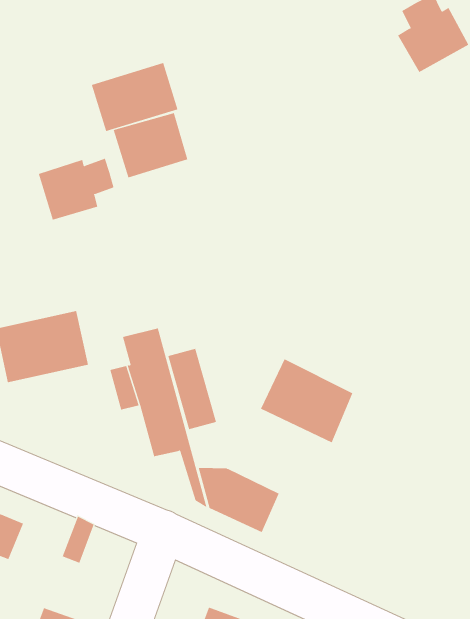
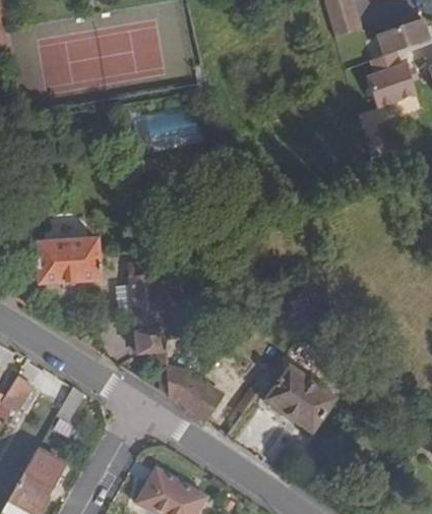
building: [91,62,178,132] -> none
building: [38,158,114,220] -> none
building: [260,358,353,443] -> [265,364,334,432]

